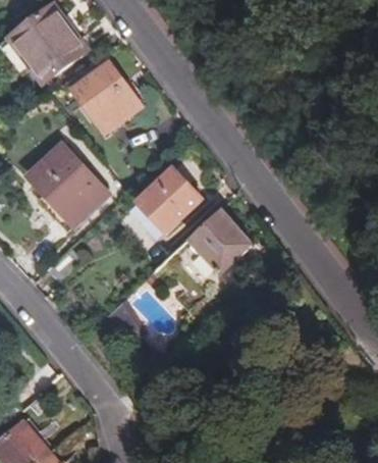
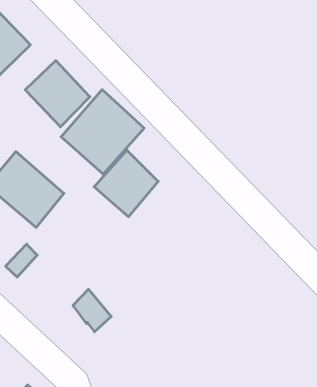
building: none -> [61,90,144,174]
building: [191,209,249,267] -> none

